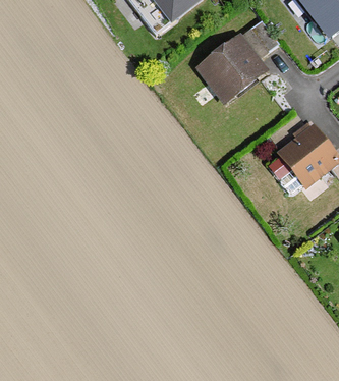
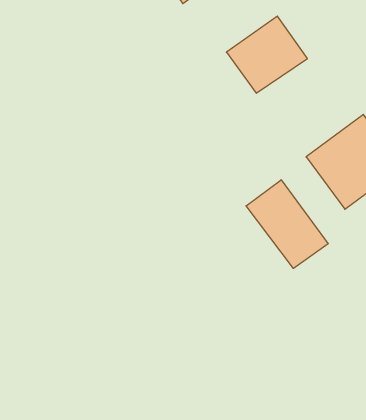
building: none -> [246,180,328,268]

